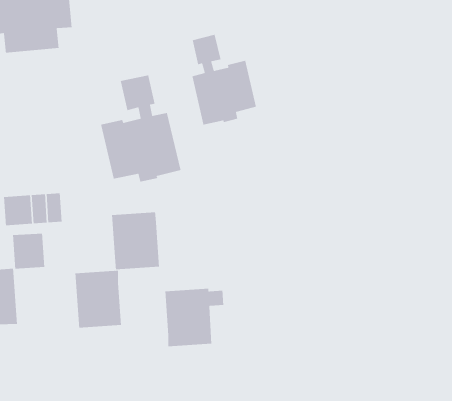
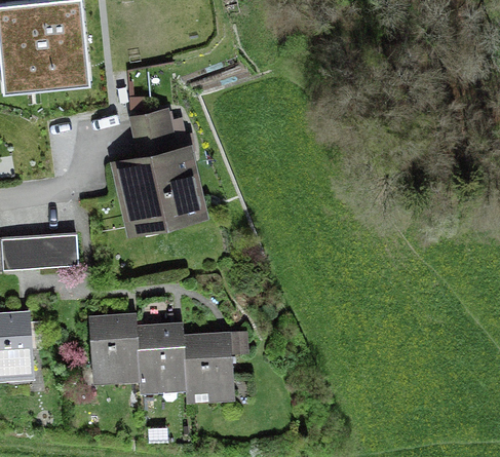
building: [192,34,257,126] -> none
building: [111,212,160,270] -> [136,326,186,386]
building: [12,233,45,270] -> none

